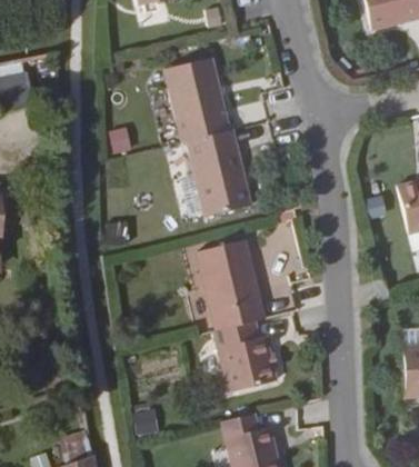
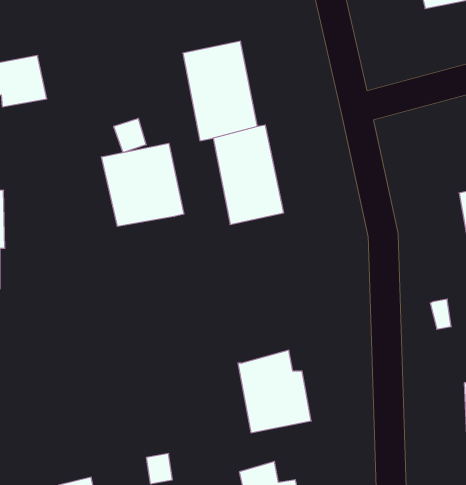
building: none -> [102,143,184,226]
building: [198,240,262,331] -> none

